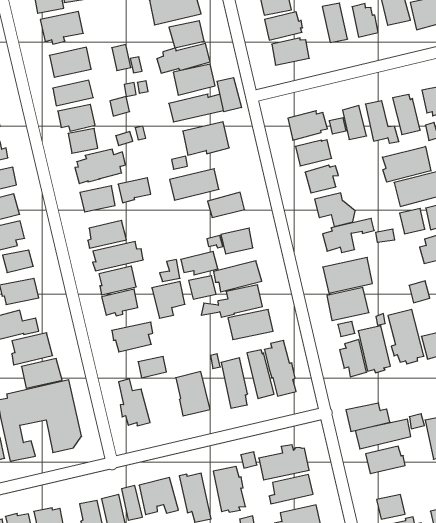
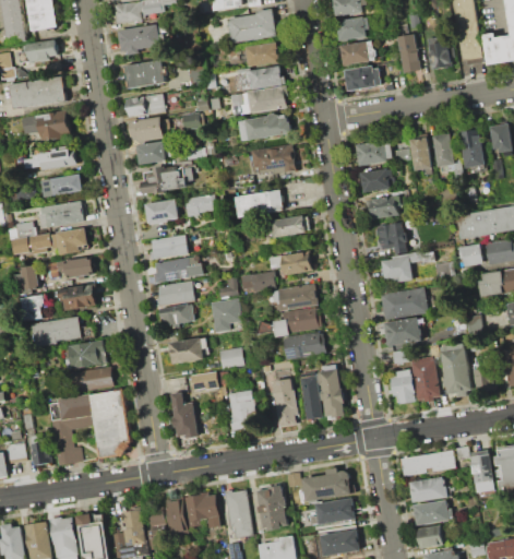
building: [217,78,241,112] -> none
building: [382,146,431,182] -> none
building: [189,276,216,299] -> [217,346,243,368]
building: [346,403,390,431] -> [414,499,456,525]

